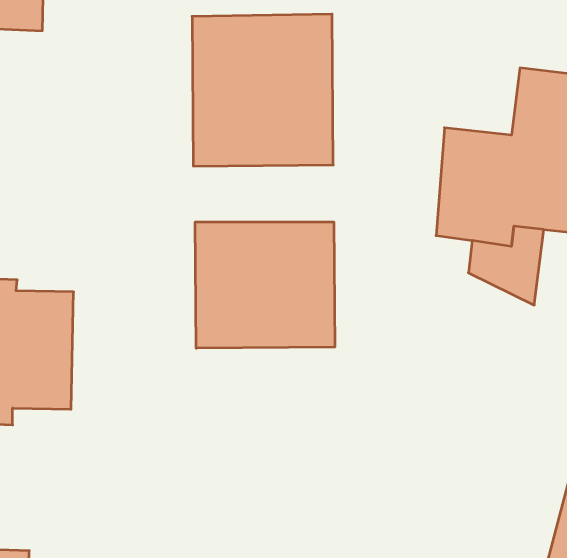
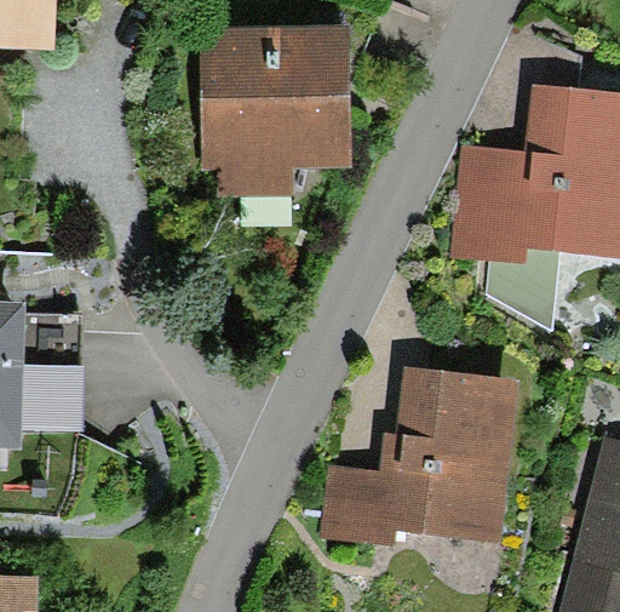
building: [195,222,335,348] -> none
building: none -> [321,366,518,547]

